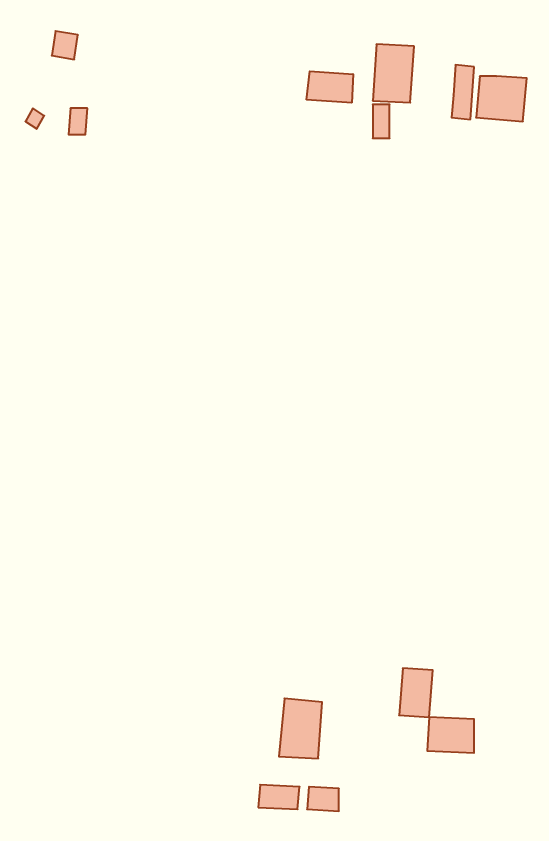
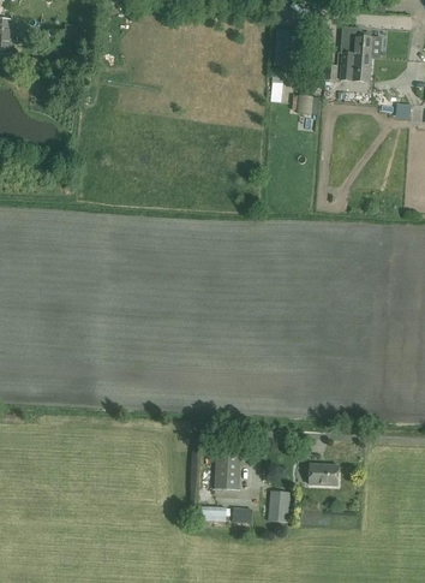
building: none -> [341,26,373,54]
building: [307,71,353,103] -> none
building: [399,668,433,717] -> [269,490,291,522]

